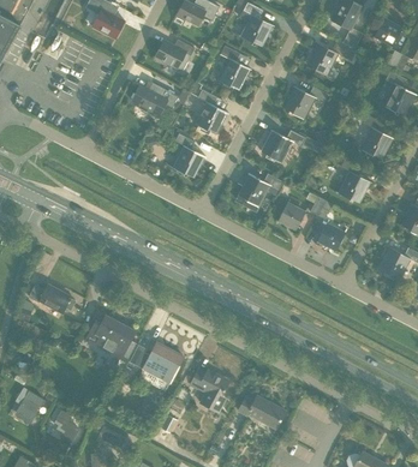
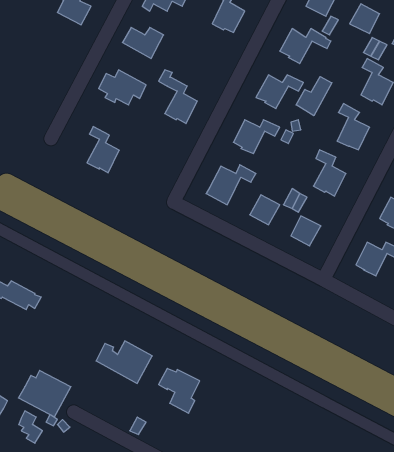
building: [217,46,249,90] -> none
building: none -> [296,77,332,116]
building: [172,133,203,178] -> [87,127,119,173]
building: [84,315,135,359] -> [18,370,71,417]
building: [237,395,285,429] -> none

